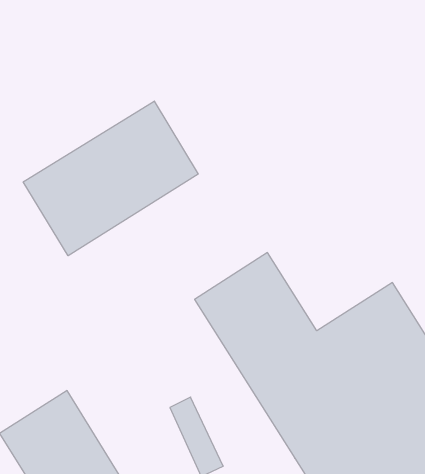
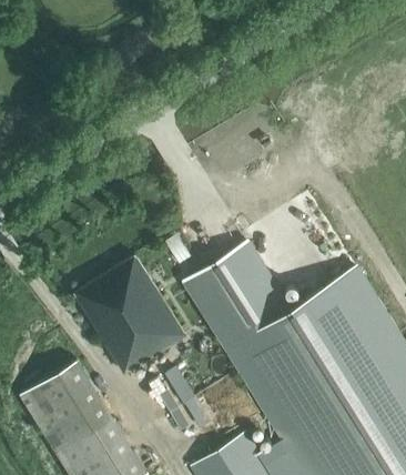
building: [23,101,198,256] -> none
building: none -> [74,256,185,375]

